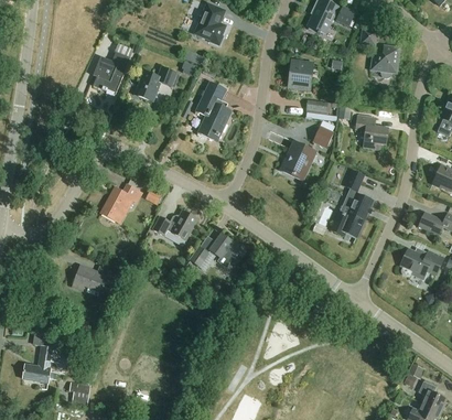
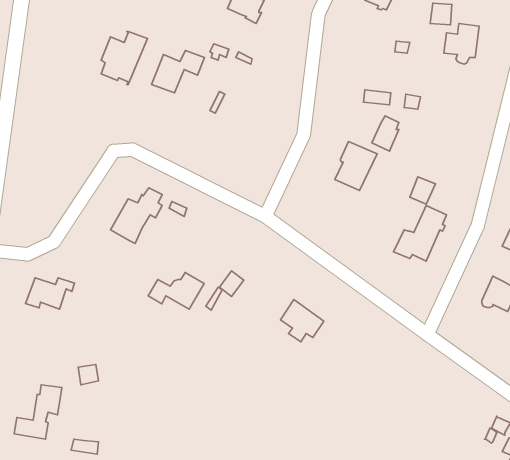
building: [289,61,312,90] -> none
building: [195,83,232,141] -> none
building: [355,115,388,150] -> none
building: [152,211,197,240] -> [148,273,204,309]
building: [209,234,245,268] -> [280,300,324,342]
building: [72,266,111,291] -> [26,278,74,309]

